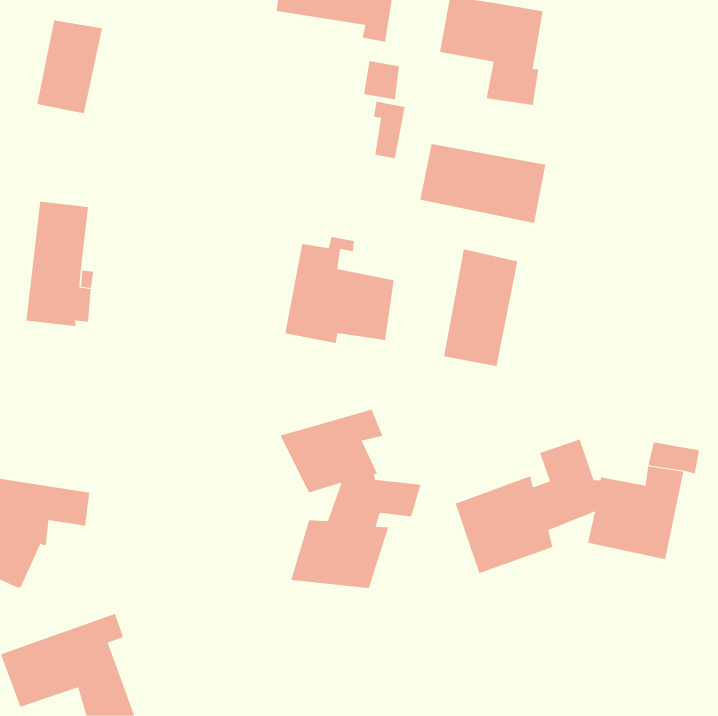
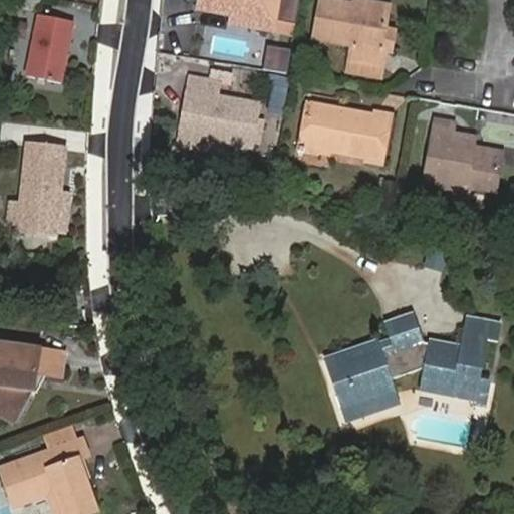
building: none -> [424,119,501,195]
building: [285,237,394,343] -> [179,71,257,148]
building: [444,248,518,367] -> none
building: [280,409,421,589] -> none

